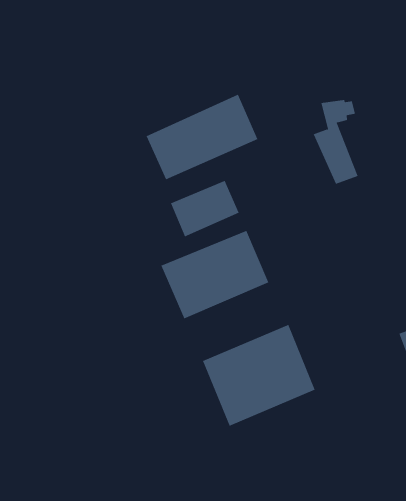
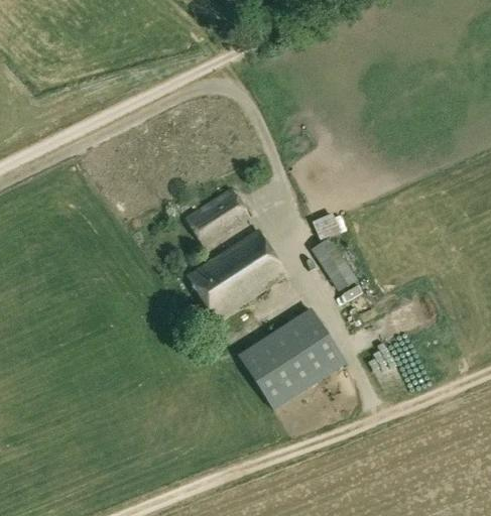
building: [146,94,258,180] -> none
building: [313,99,358,184] -> [311,214,358,291]

